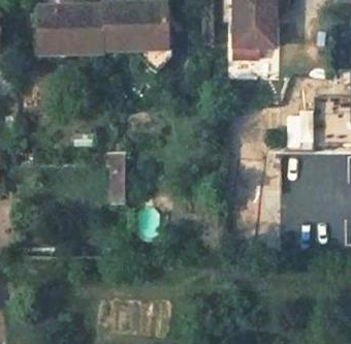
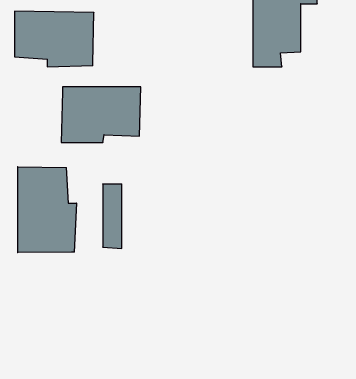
building: [101,7,166,53] -> [61,87,141,142]
building: none -> [18,167,76,253]

